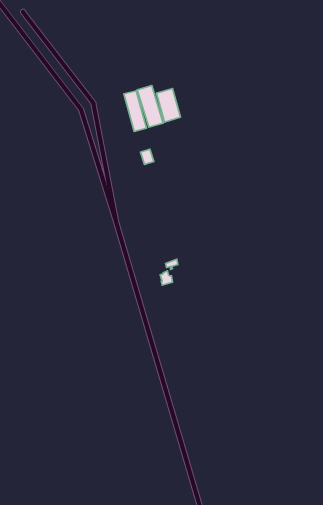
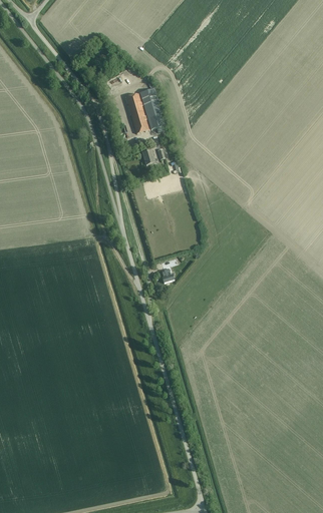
building: [157,89,181,122] -> none

